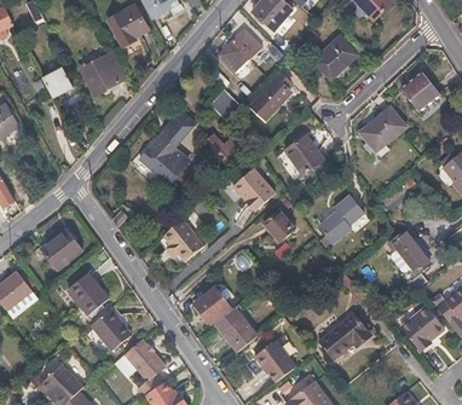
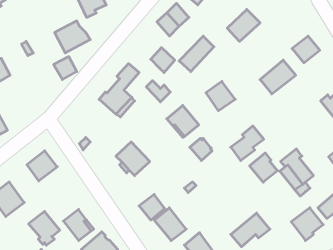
building: [41,66,73,98] -> [54,57,77,80]
building: none -> [250,153,278,182]
building: [67,272,109,318] -> [29,211,60,245]

